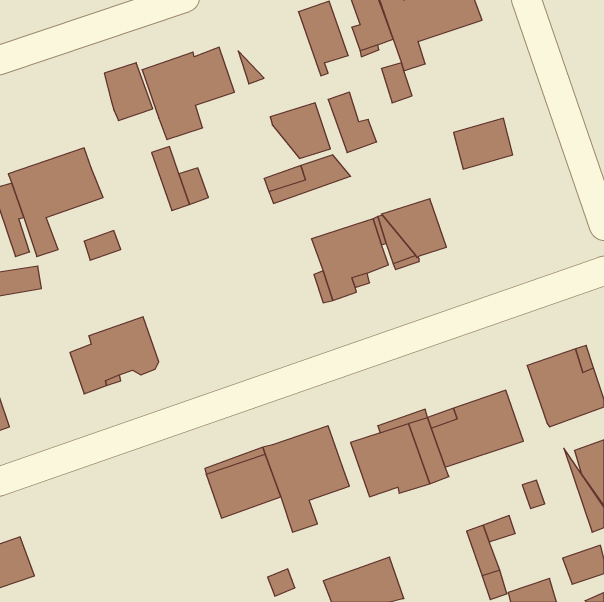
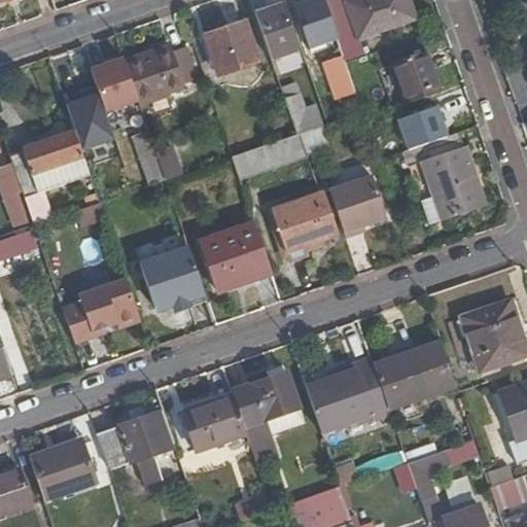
building: none -> [393,52,437,102]
building: none -> [64,87,112,146]
building: [270,103,330,158] -> [209,22,261,70]
building: none -> [417,133,485,221]
building: none -> [201,222,267,289]
building: none -> [139,241,202,306]
building: none -> [98,411,174,484]
building: none -> [28,440,92,498]

